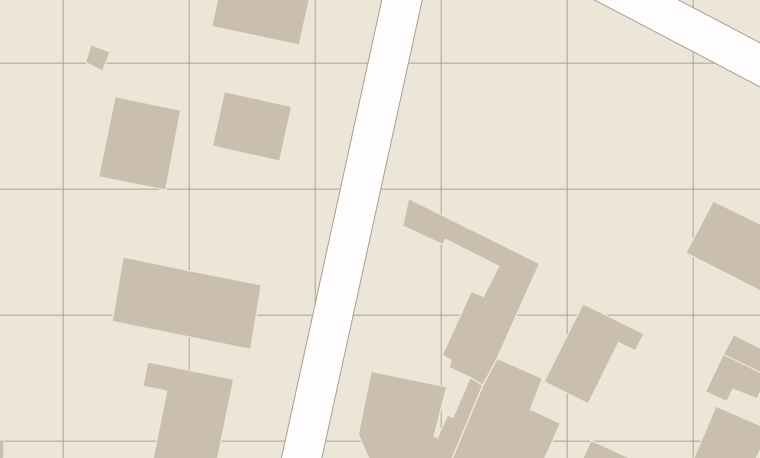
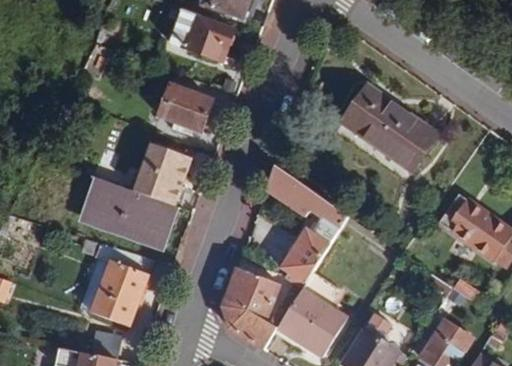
building: none -> [341,85,437,170]
building: [98,97,181,190] -> [134,143,190,204]
building: [544,304,644,404] -> none

